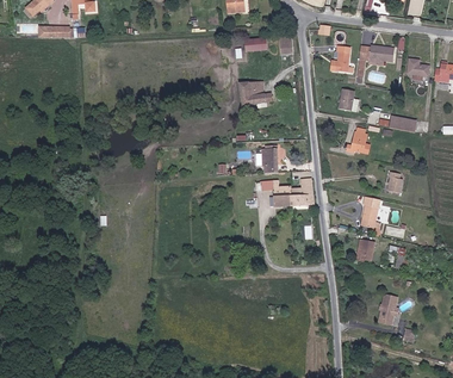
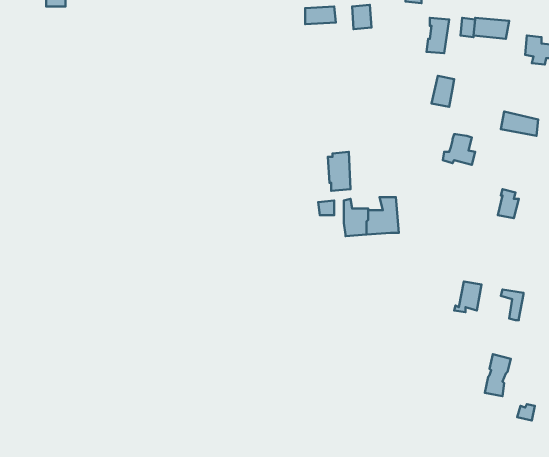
building: [238,81,272,105] -> none
building: [360,197,383,229] -> none

